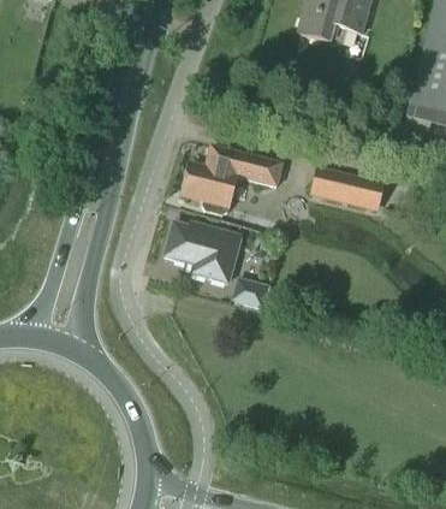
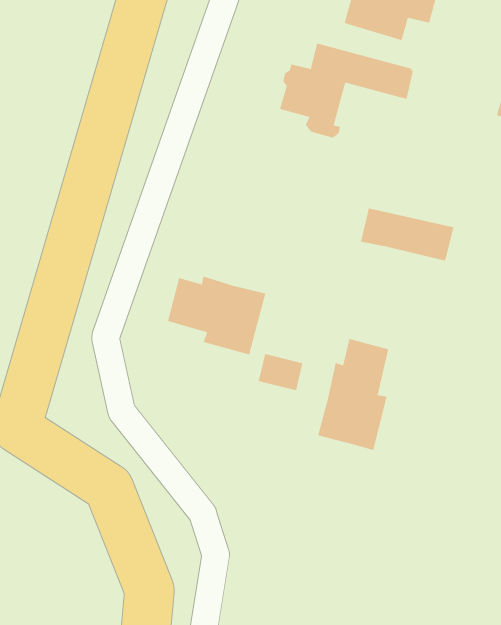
building: [183,143,283,214] -> [279,43,414,138]
building: none -> [318,338,389,451]

